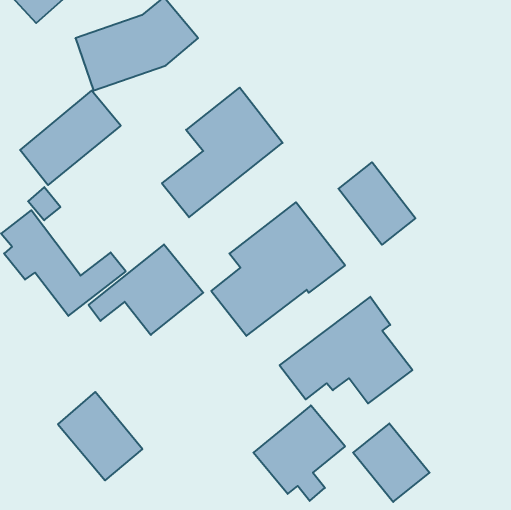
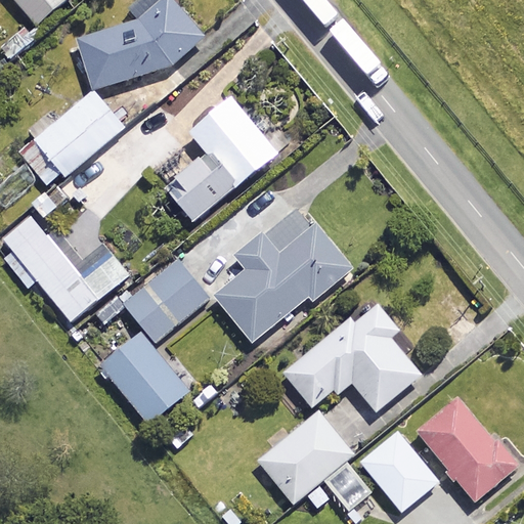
building: [338,162,415,245] -> none
building: none -> [418,398,515,500]
building: [58,392,142,480] -> [101,333,187,423]

